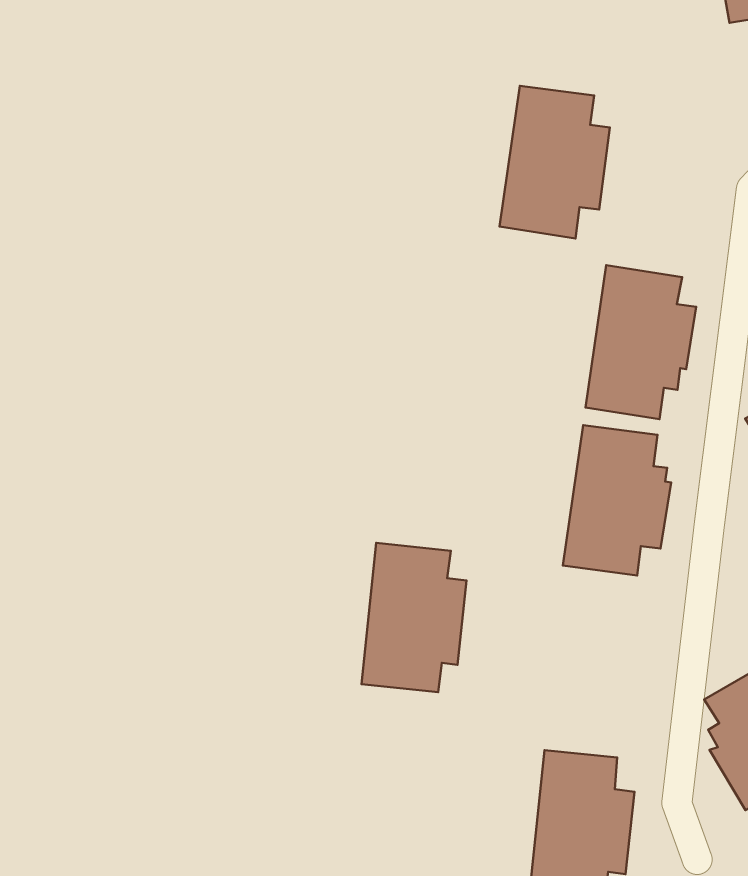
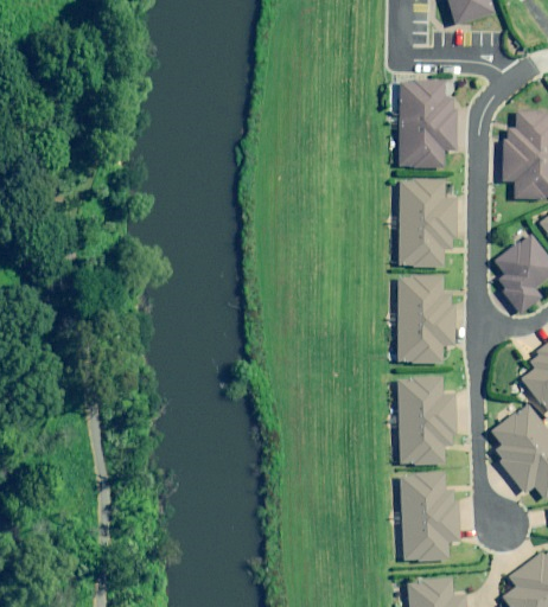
building: [499,86,610,238] -> [397,81,455,167]
building: [362,543,467,692] -> [396,377,454,464]

